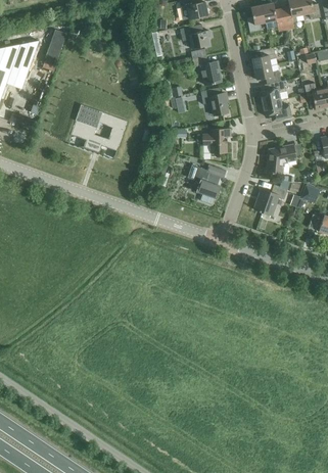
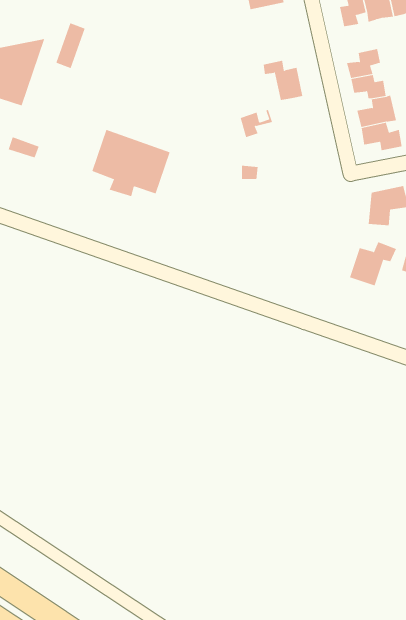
building: [180,23,208,48] -> none
building: [200,87,228,115] -> none
building: [202,128,230,152] -> none
building: [187,164,226,204] -> none

